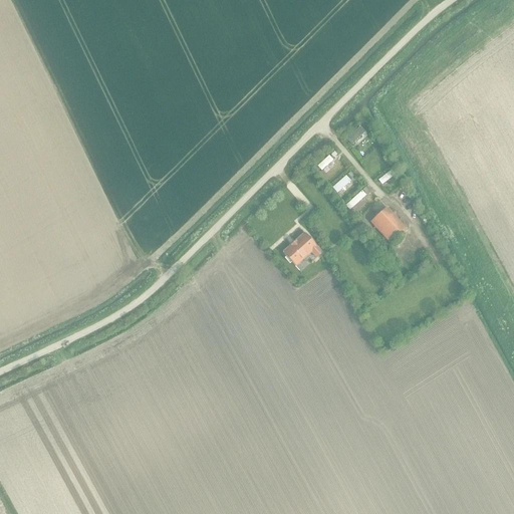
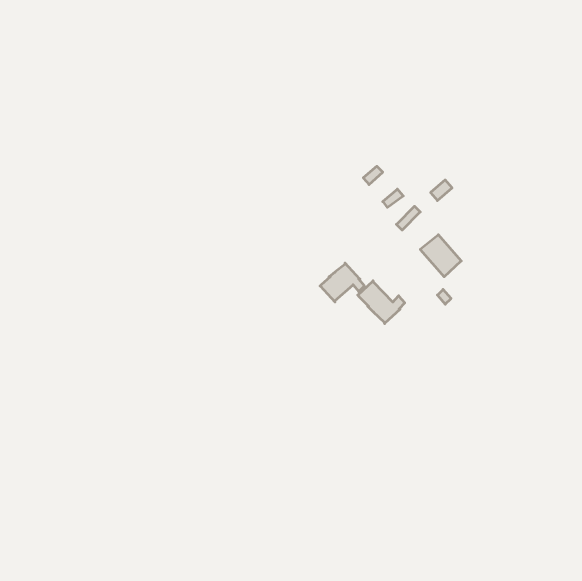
building: none -> [358,281,405,324]

